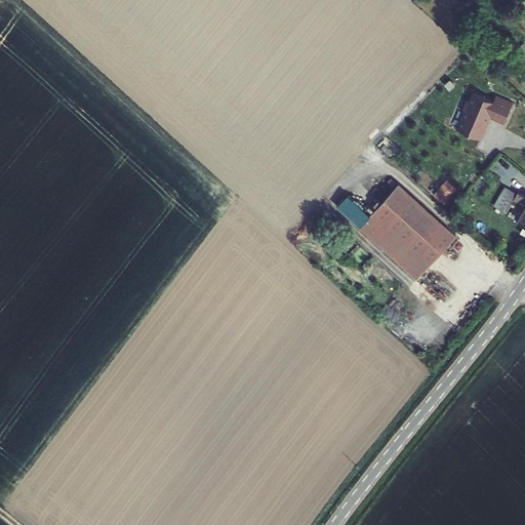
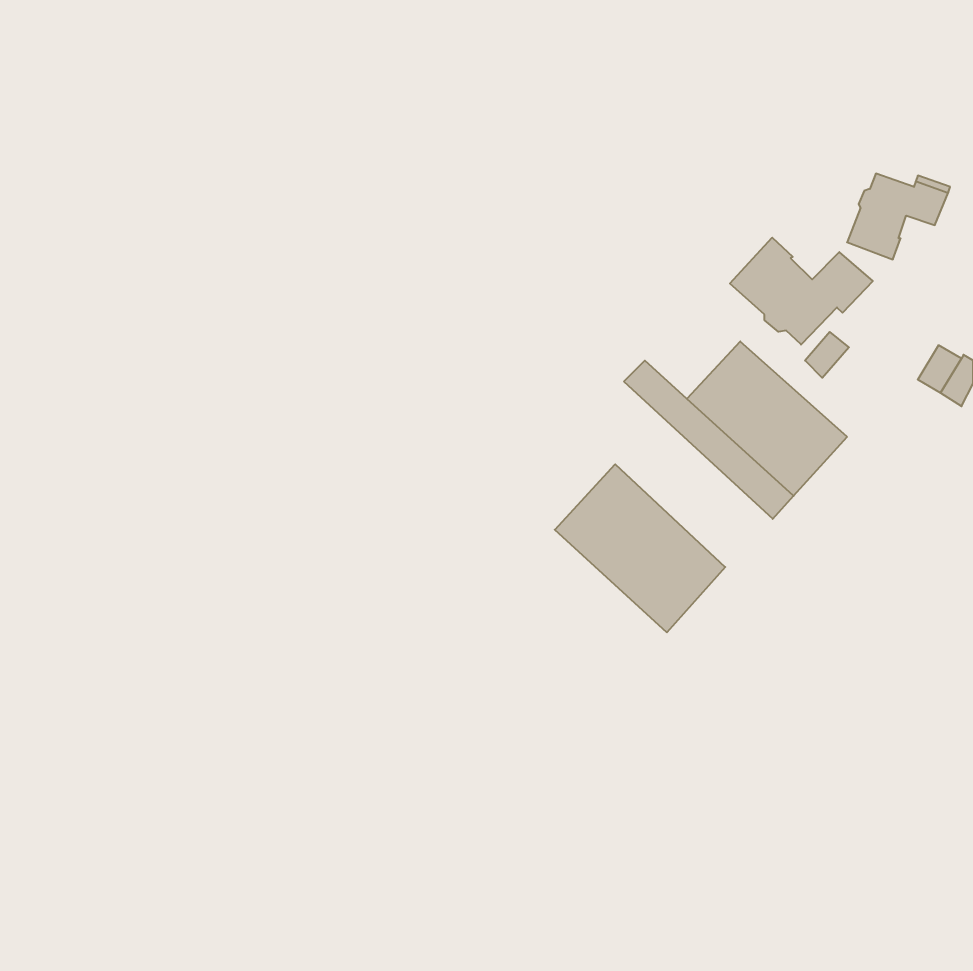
building: none -> [730,238,873,345]
building: none -> [555,464,725,632]

